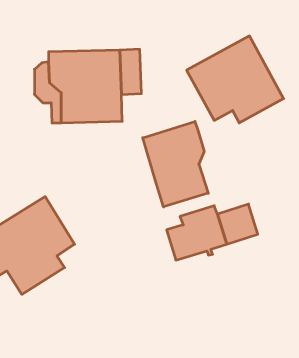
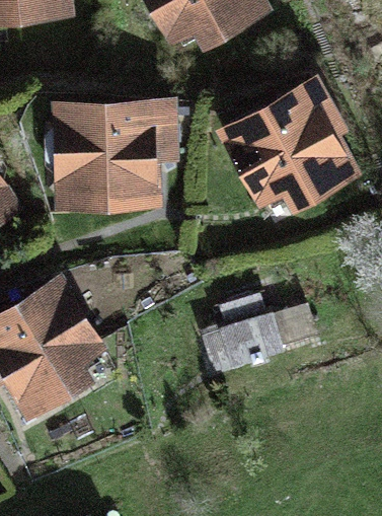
building: [143,121,208,207] -> none

